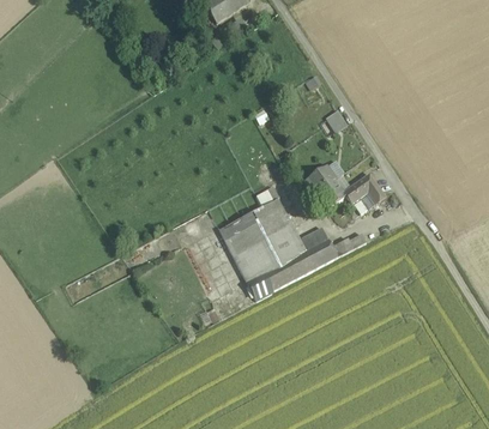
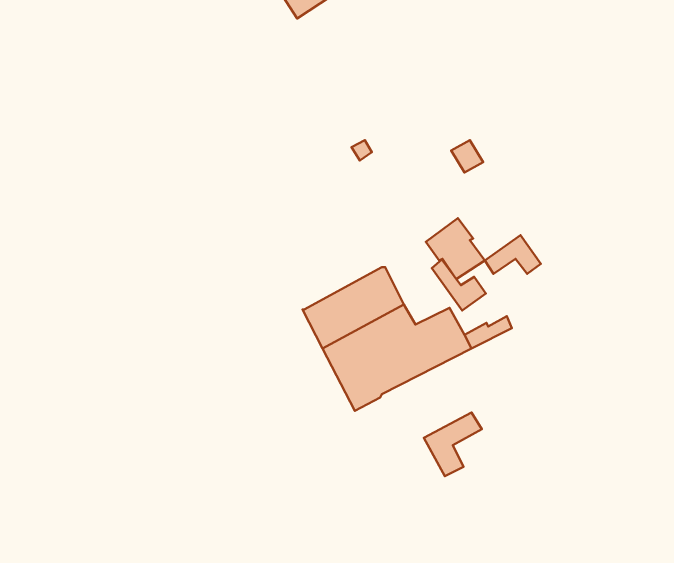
building: none -> [432,260,486,311]
building: none -> [424,412,482,476]

